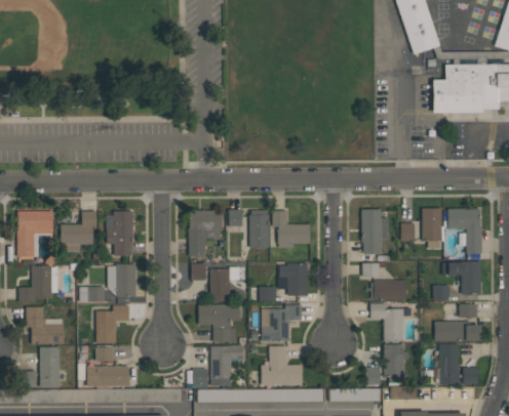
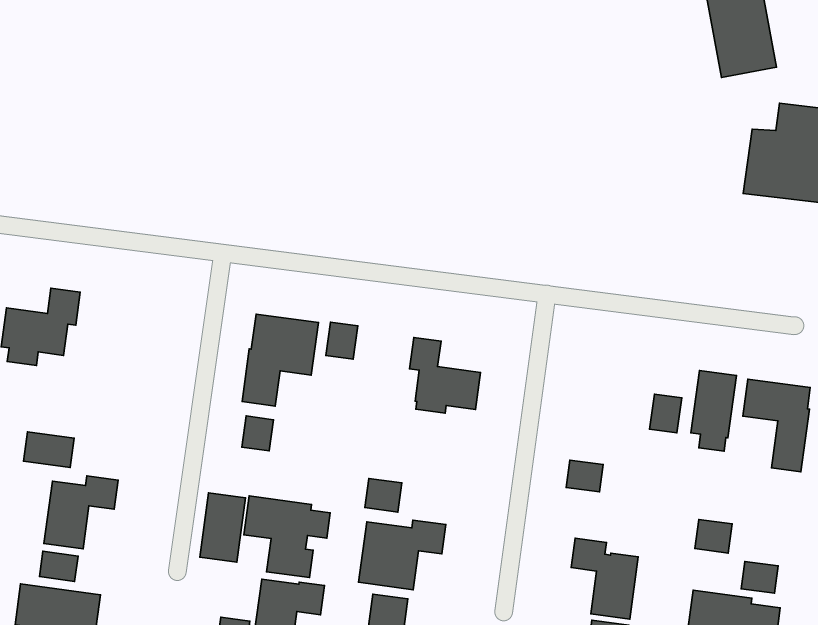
building: [361,209,389,254] -> none
building: [249,210,270,248] -> none
building: [107,211,133,255] -> none
building: [443,261,481,295] -> none
building: [280,263,308,296] -> none
building: [108,264,136,297] -> none
building: [210,268,230,302] -> [200,493,245,562]
building: [366,280,407,301] -> none

